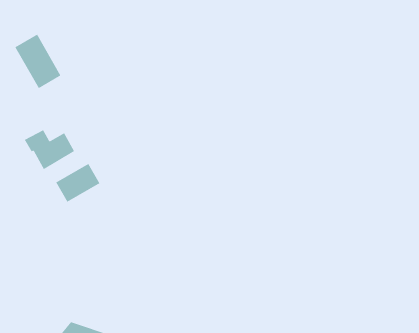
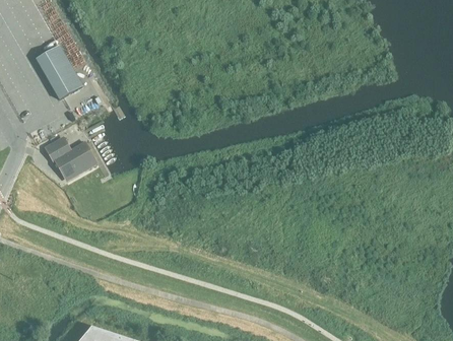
building: [56,163,100,203] -> none

